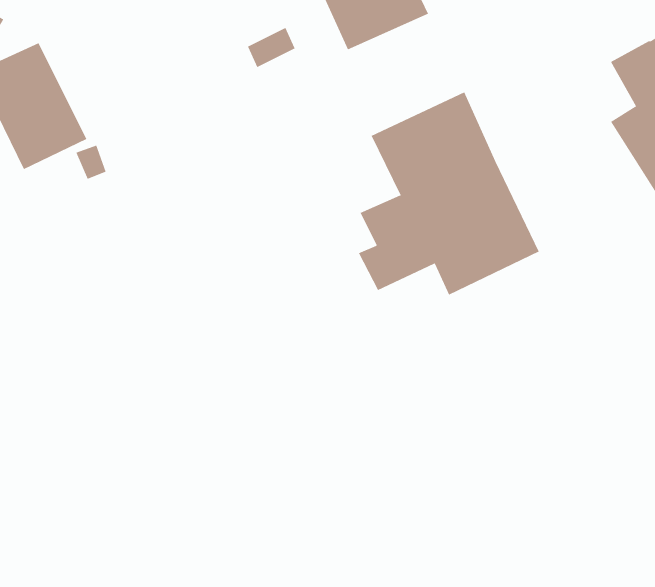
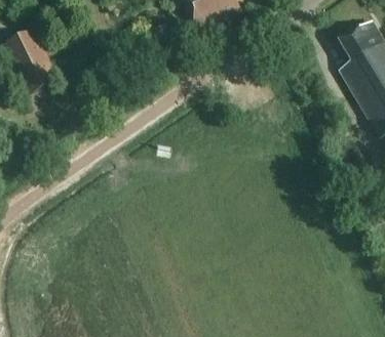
building: [358,91,540,295] -> none

